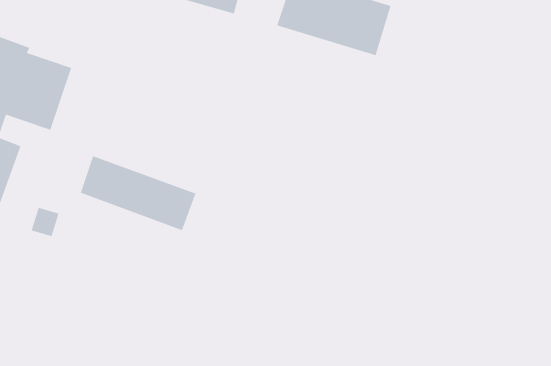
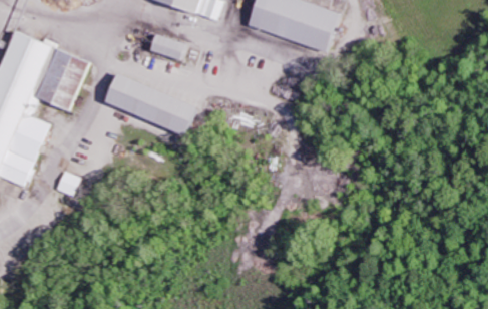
building: none -> [149,34,184,59]
building: [80,155,196,231] -> [106,74,198,134]

